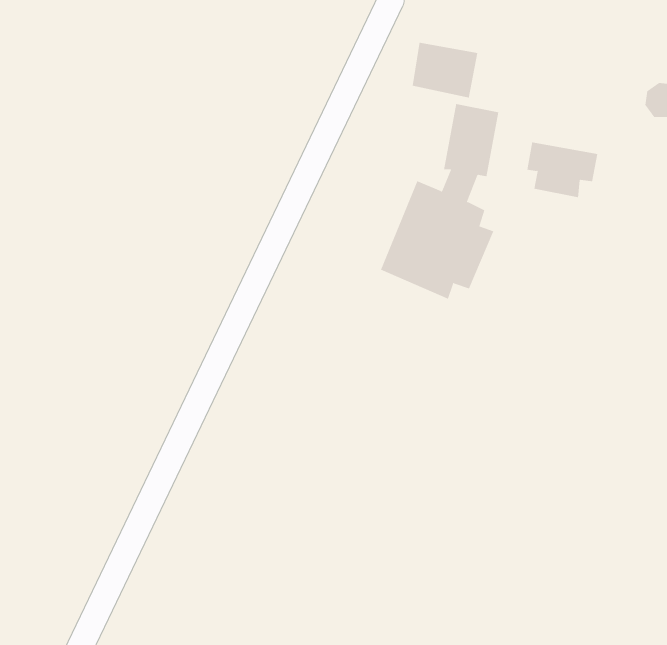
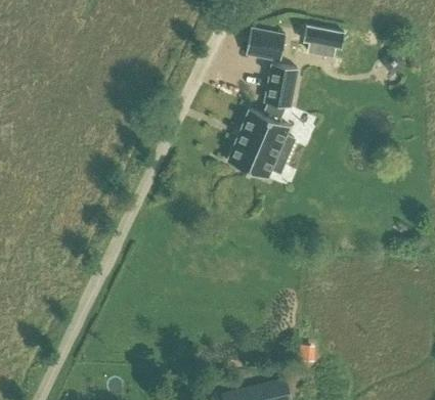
building: [526,142,598,198] -> [305,25,347,57]

